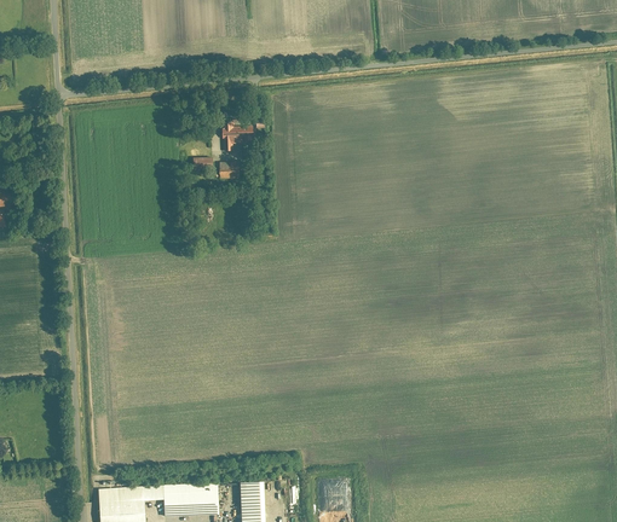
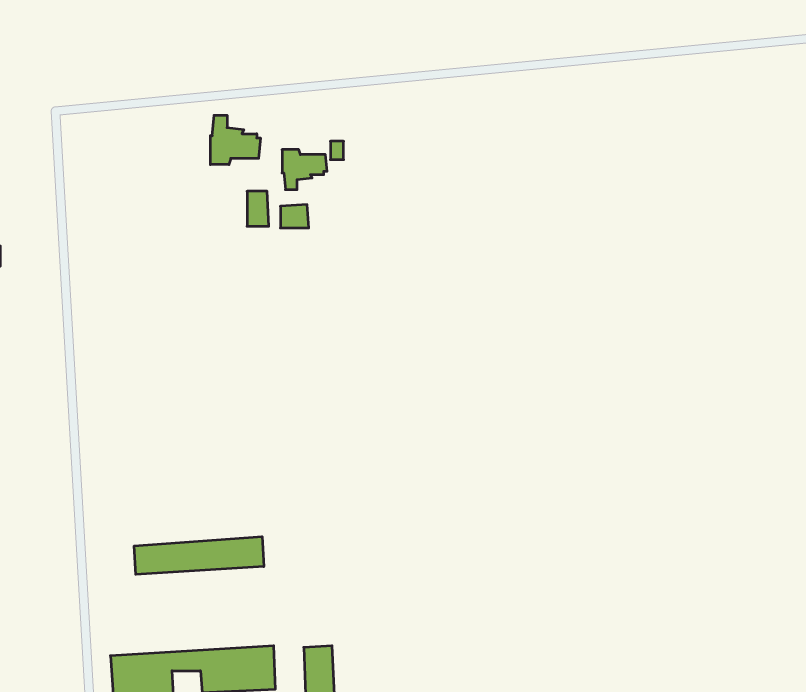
building: none -> [210,115,260,165]
building: none -> [134,537,264,574]

